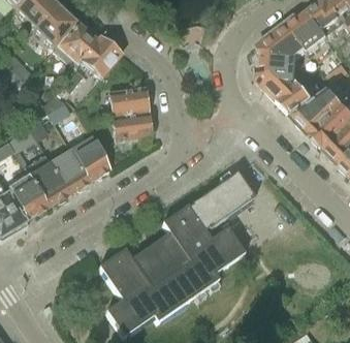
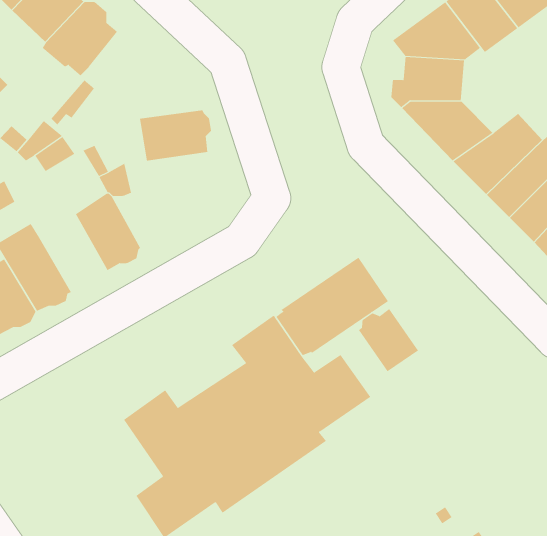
building: [81,36,123,79] -> none
building: [114,110,156,142] -> none
building: [52,146,91,191] -> none
building: none -> [358,308,419,372]

